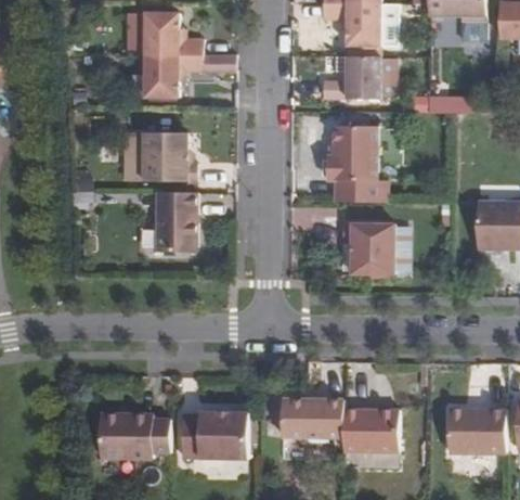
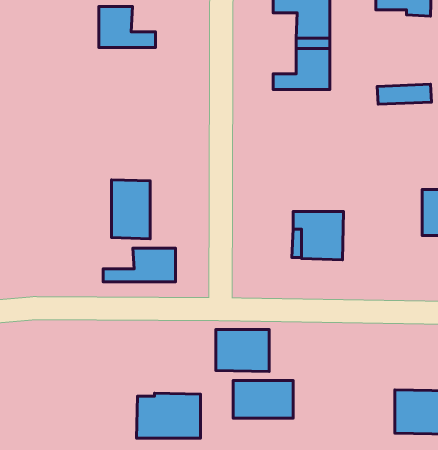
building: [141,54,200,97] -> none
building: [326,125,386,202] -> none
building: [143,132,195,181] -> none
building: none -> [103,248,176,282]
building: [342,409,398,452] -> [216,330,269,372]
building: [99,414,169,458] -> none

